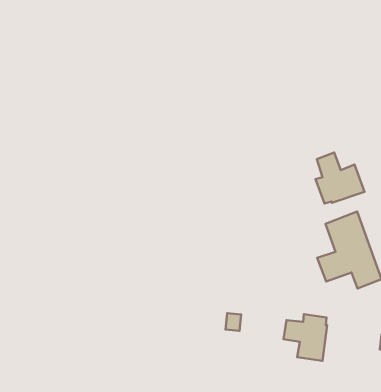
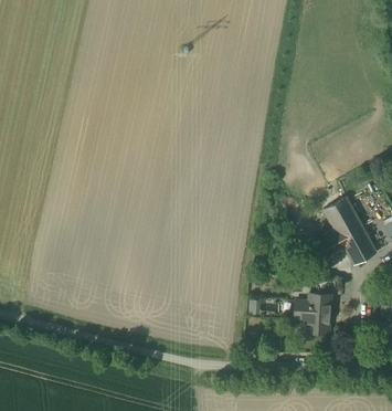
building: [315,153,364,204] -> none

